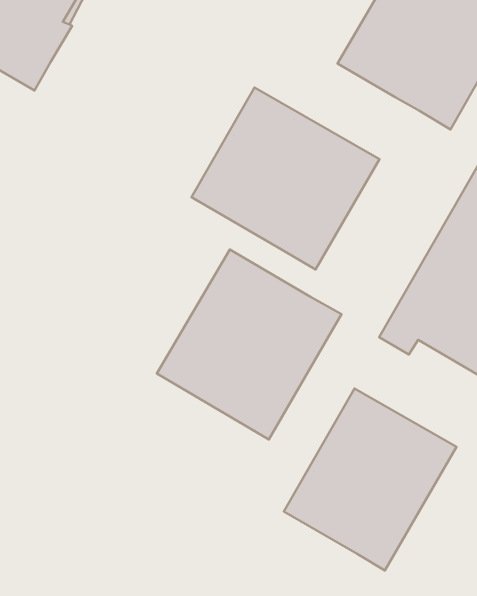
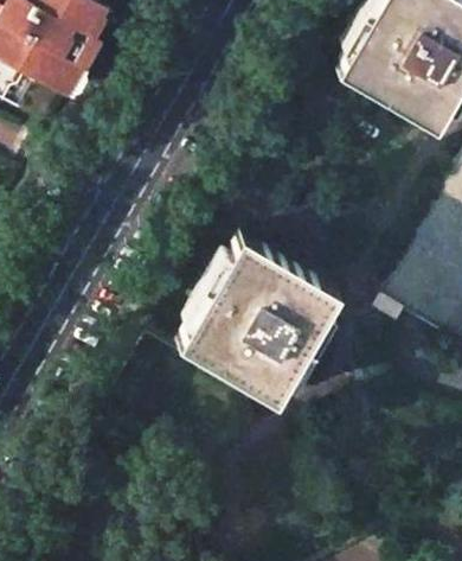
building: [192,87,380,270] -> none
building: [284,389,457,570] -> none

